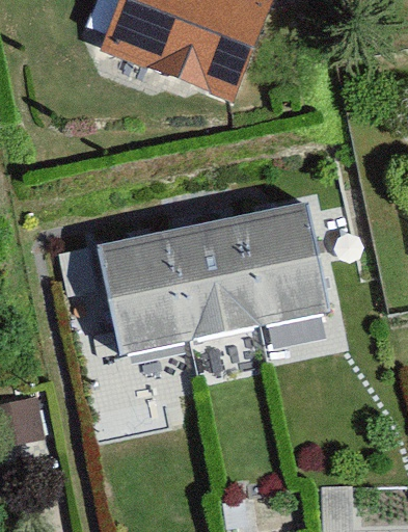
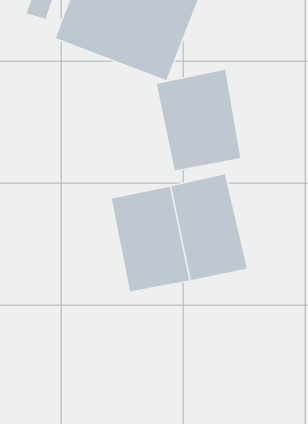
building: none -> [156,69,241,171]
building: [98,233,192,357] -> none

